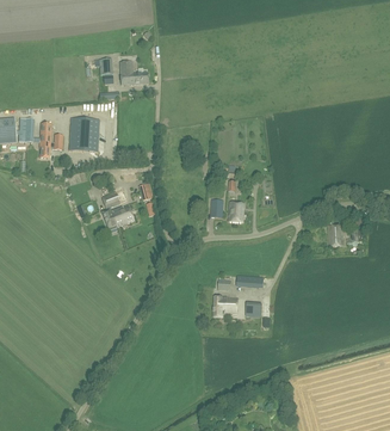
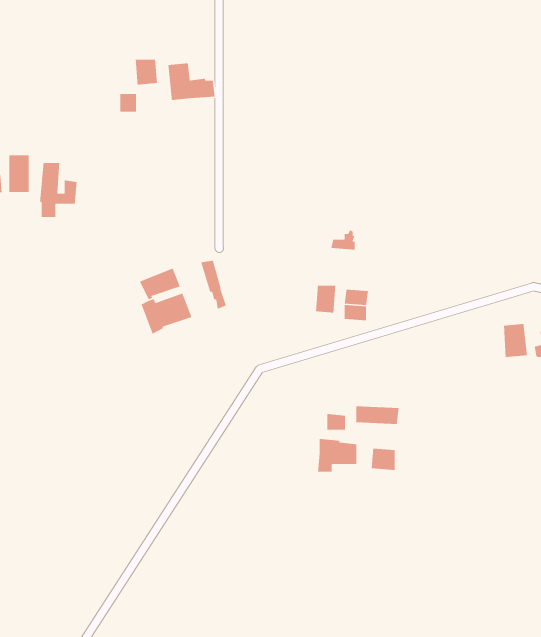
building: [69,117,100,152] -> none

